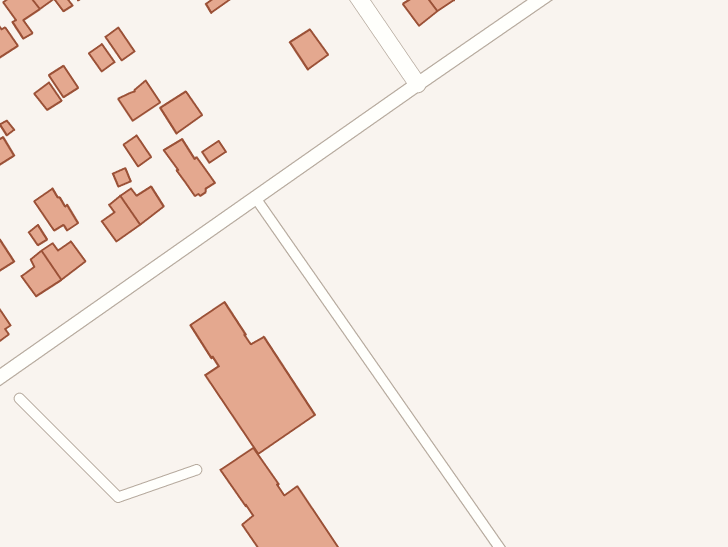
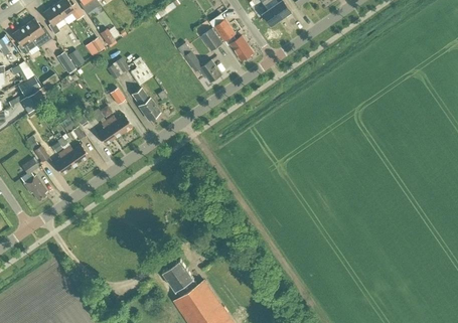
building: none -> [213,18,252,60]
building: none -> [184,49,221,82]
building: [190,302,315,454] -> none

